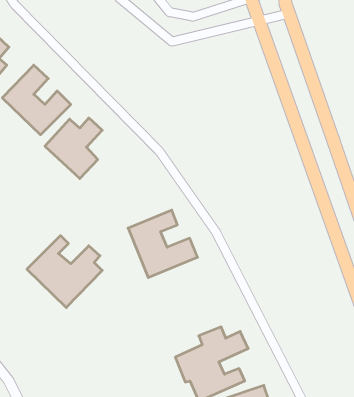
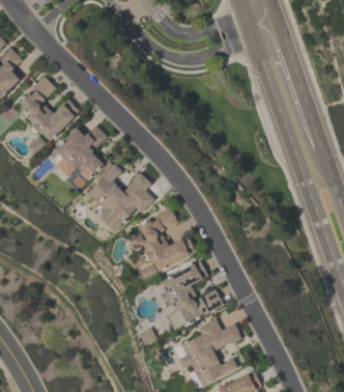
building: [27,236,102,308] -> [83,165,152,231]
building: none -> [157,261,224,327]

